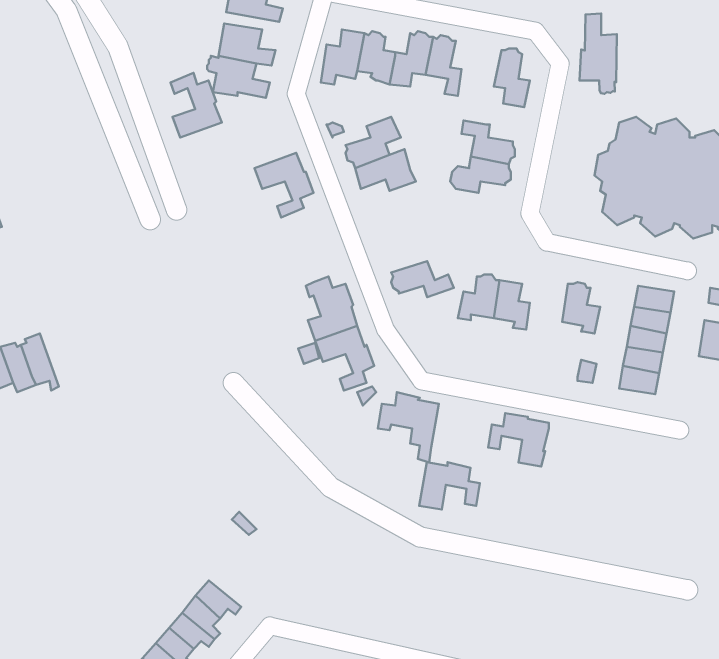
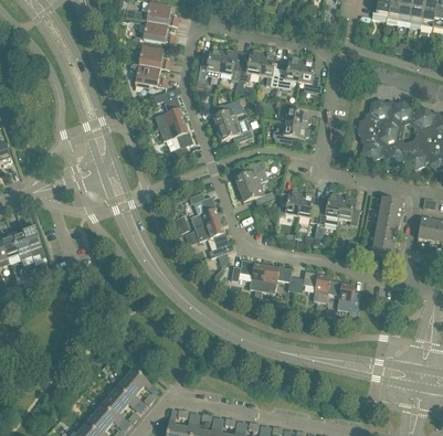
building: [580,13,617,94] -> none
building: none -> [277,55,303,88]
building: [171,73,222,138] -> [154,91,183,128]
building: none -> [234,160,268,189]
building: none -> [317,192,341,224]
building: none -> [327,279,360,318]
building: [419,462,480,510] -> [262,265,297,293]

